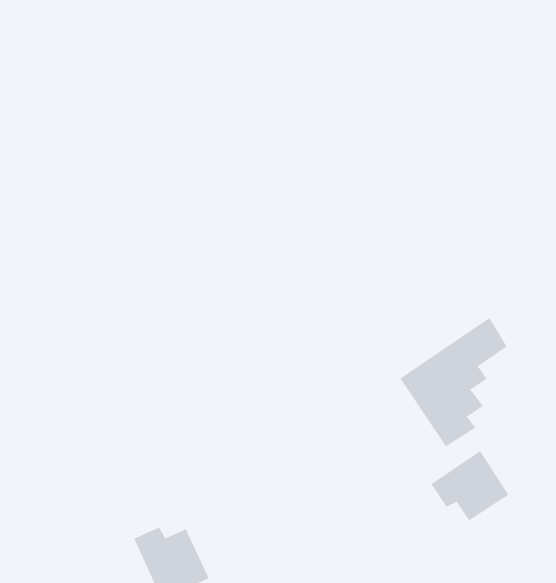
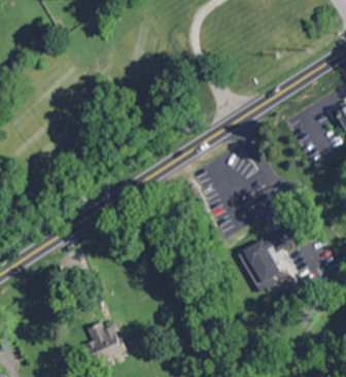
building: [431,450,509,521] -> none

